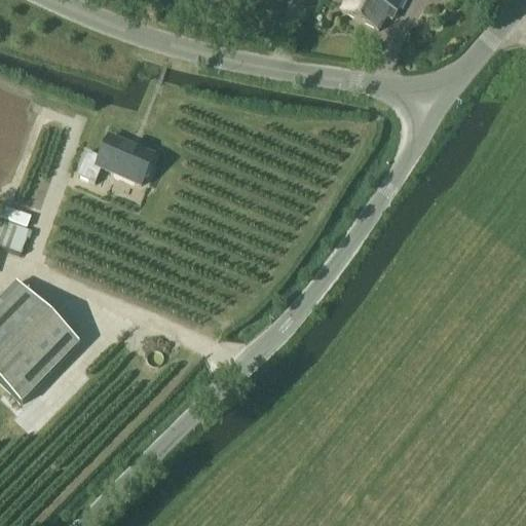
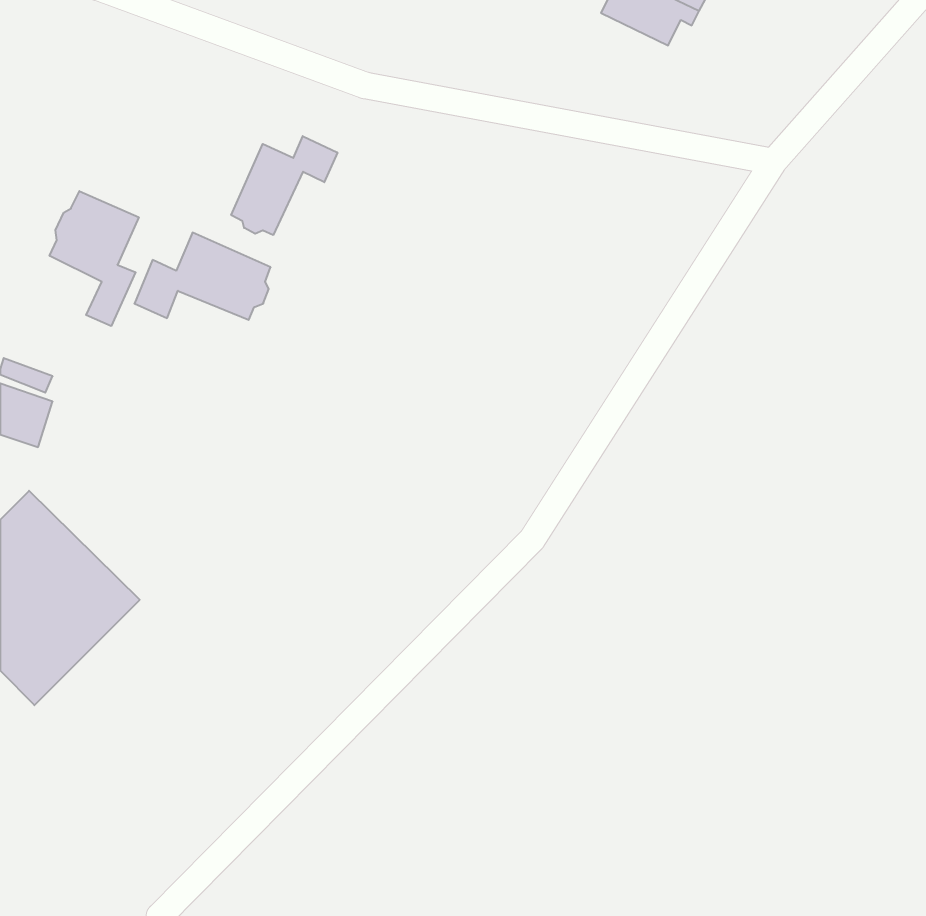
building: none -> [231,136,337,235]
building: none -> [50,191,139,326]

